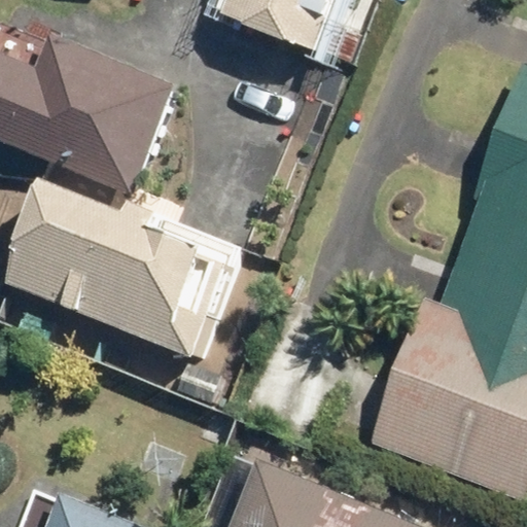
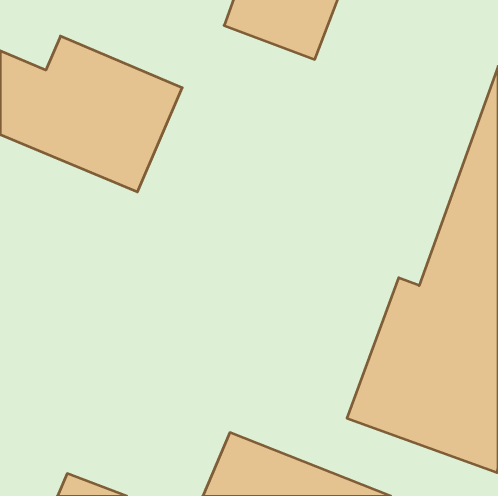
building: [23,192,249,360] -> none

